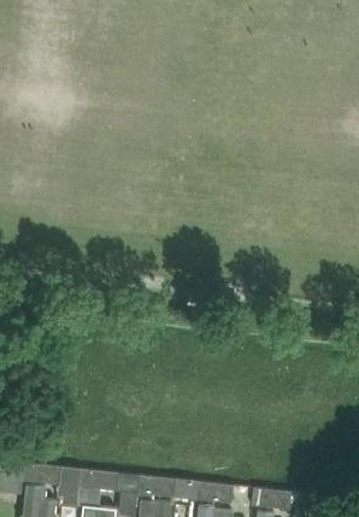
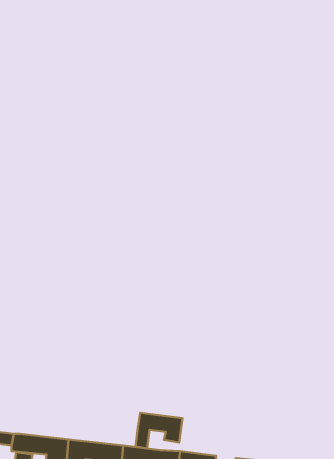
building: none -> [136,413,183,448]

